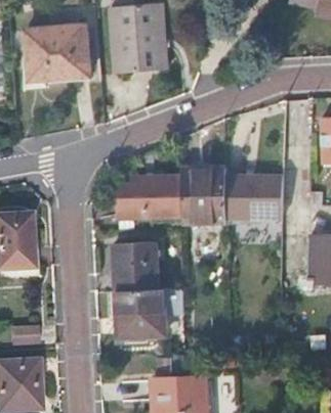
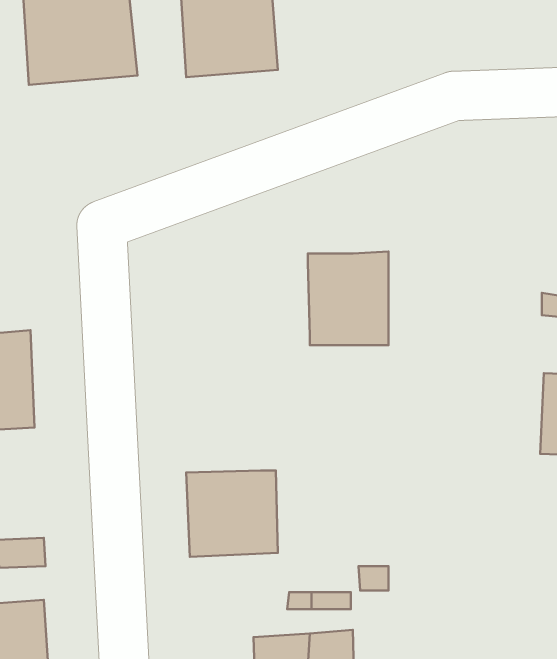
building: [120,176,183,217] -> none
building: [226,178,286,221] -> none
building: [115,241,157,290] -> none

